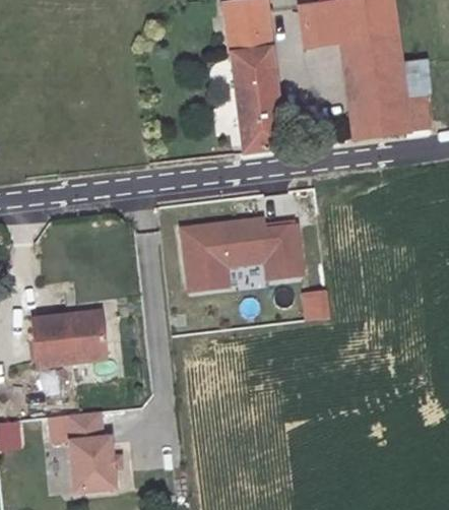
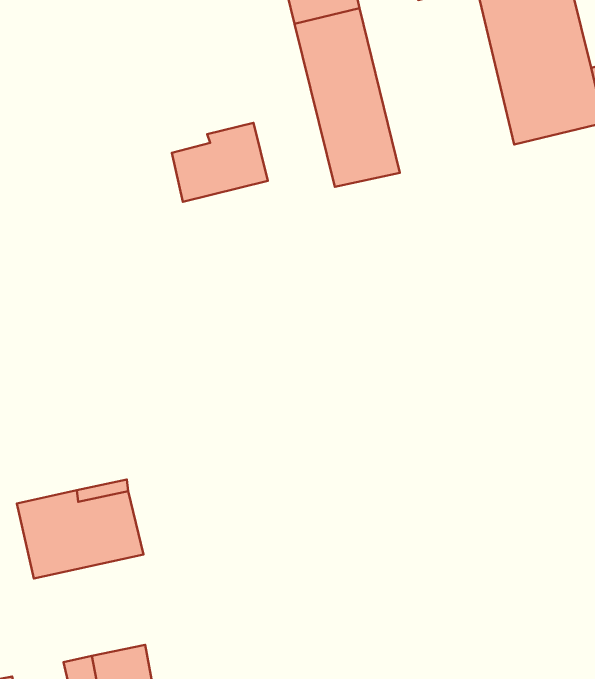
building: none -> [172,123,268,202]
building: [182,221,302,291] -> none

